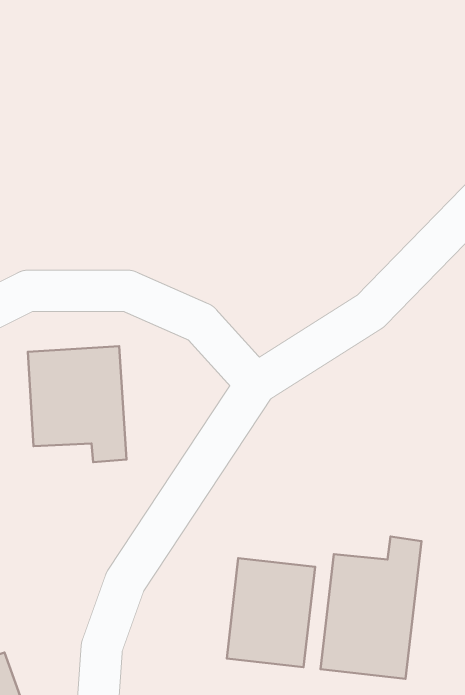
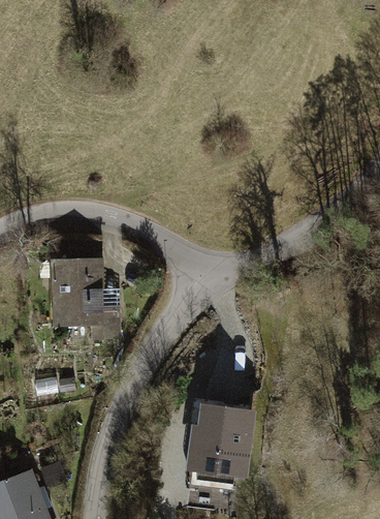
building: [321,536,421,679] -> none

